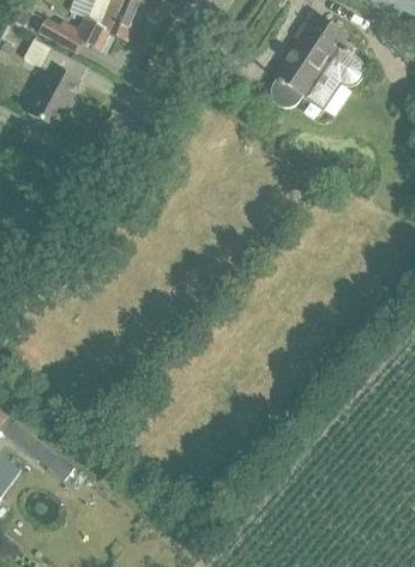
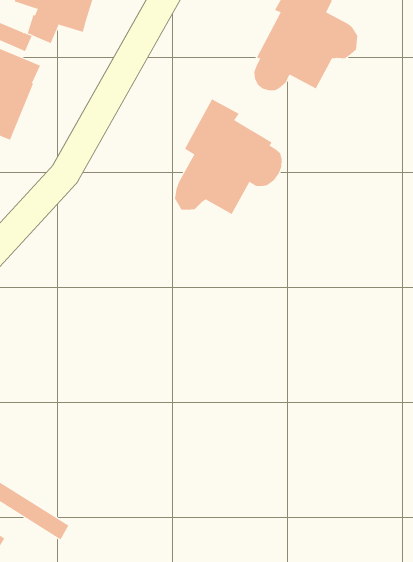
building: none -> [175,99,282,215]

